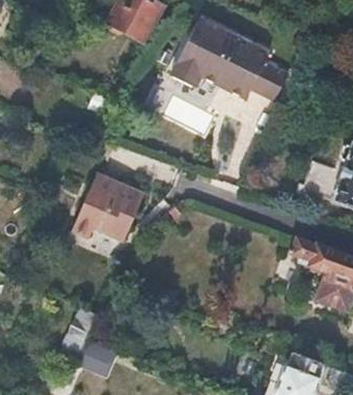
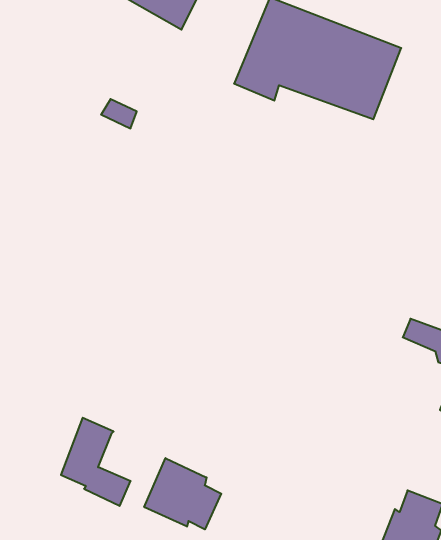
building: [71,171,140,236] -> none
building: none -> [144,458,221,529]

